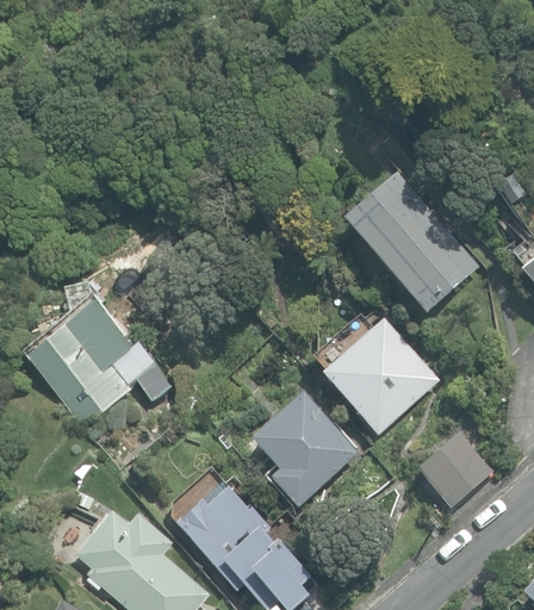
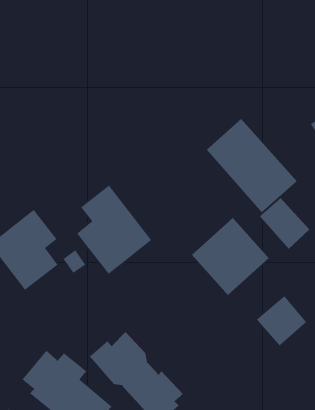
building: none -> [76,185,152,275]
building: none -> [259,197,310,250]
building: [253,393,356,506] -> none

